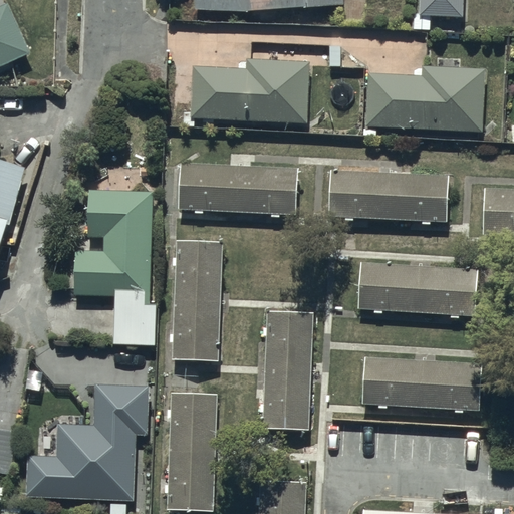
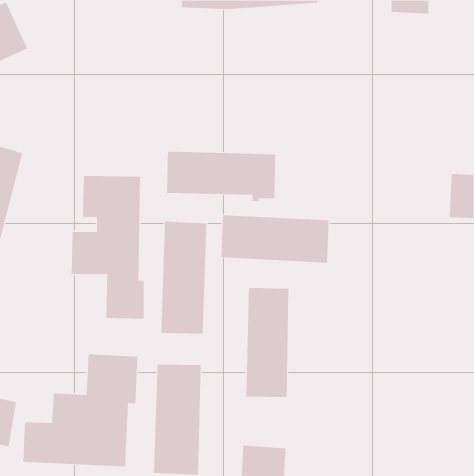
building: [191,60,309,121] -> none
building: [365,66,485,132] -> none
building: [329,170,447,222] -> [220,215,330,263]
building: [358,263,477,317] -> none
building: [362,357,482,409] -> none

